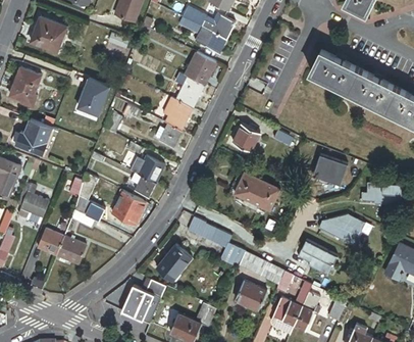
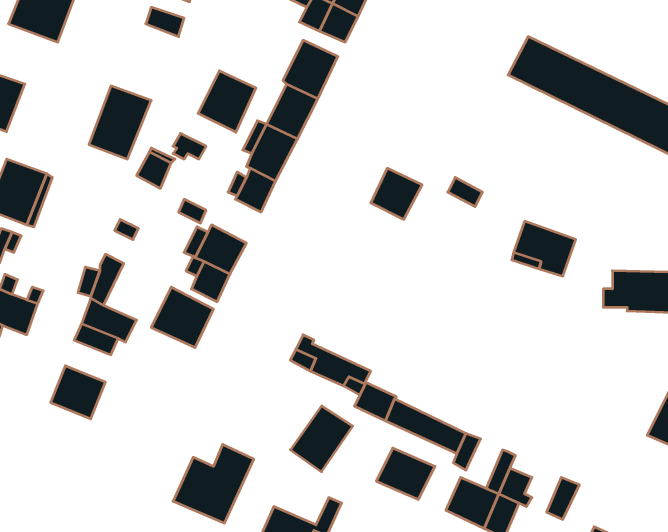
building: none -> [198,71,256,132]
building: [230,172,280,212] -> none
building: [318,214,372,246] -> none
building: [36,227,62,254] -> none
building: [299,239,339,274] -> none
building: [156,243,191,280] -> [290,406,353,472]

